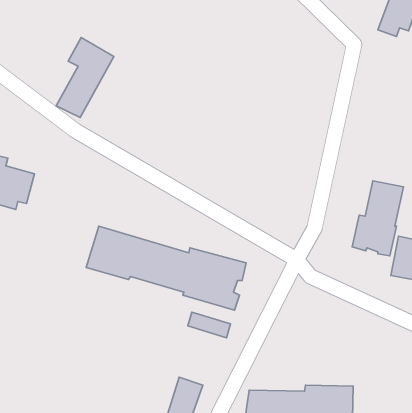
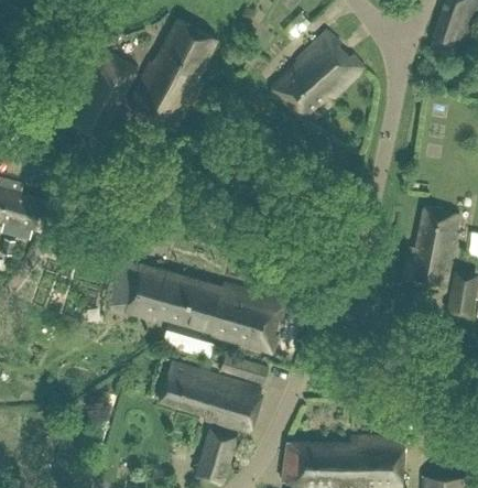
building: none -> [128,19,217,131]
building: none -> [274,30,365,119]
building: none -> [161,362,261,433]

